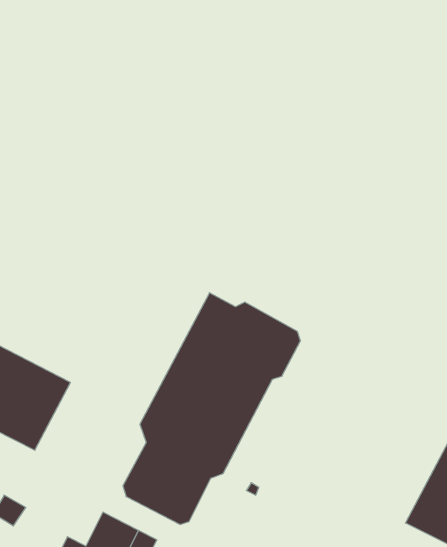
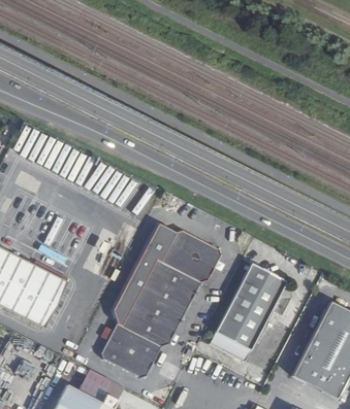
building: none -> [212,261,287,357]

